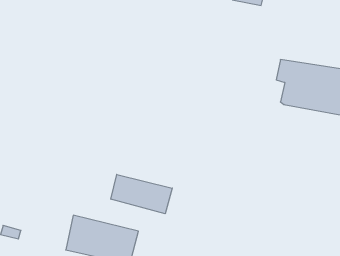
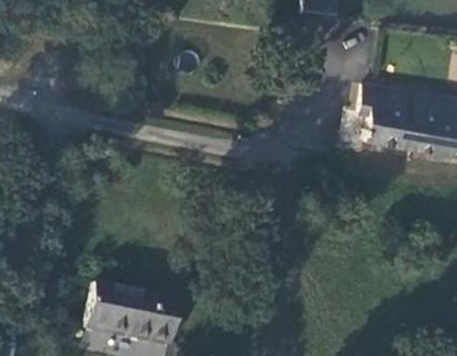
building: [111,174,172,214] -> none

